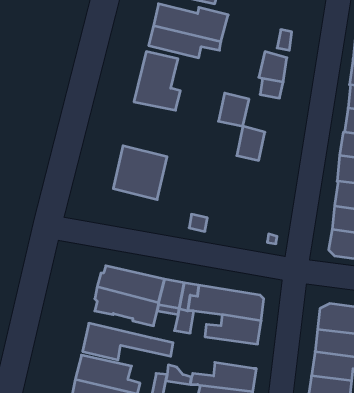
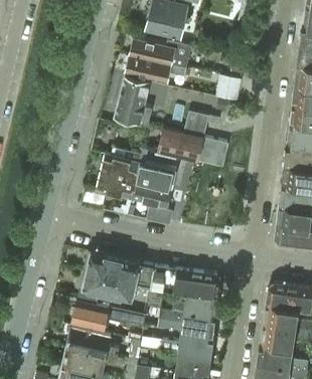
building: none -> [159,129,204,162]
building: none -> [134,163,177,206]
building: none -> [158,310,216,337]

